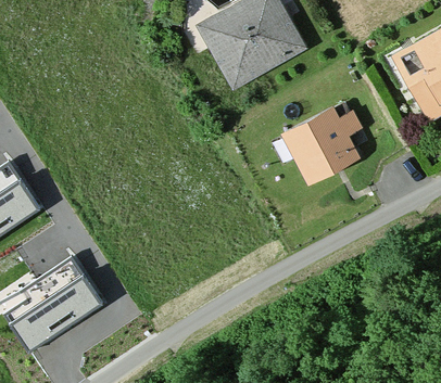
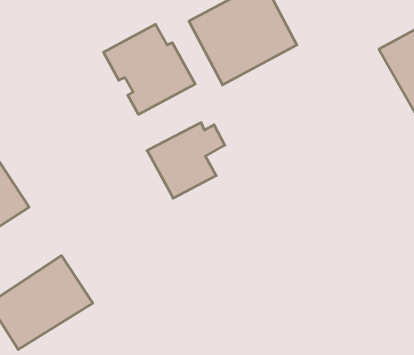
building: none -> [104,24,195,114]
building: [282,105,361,181] -> [147,123,225,198]

